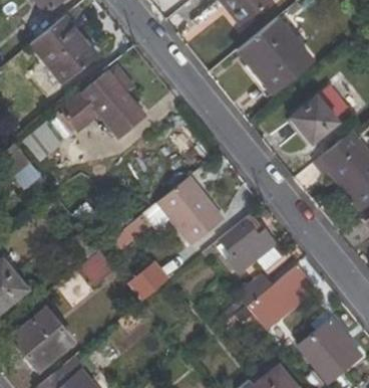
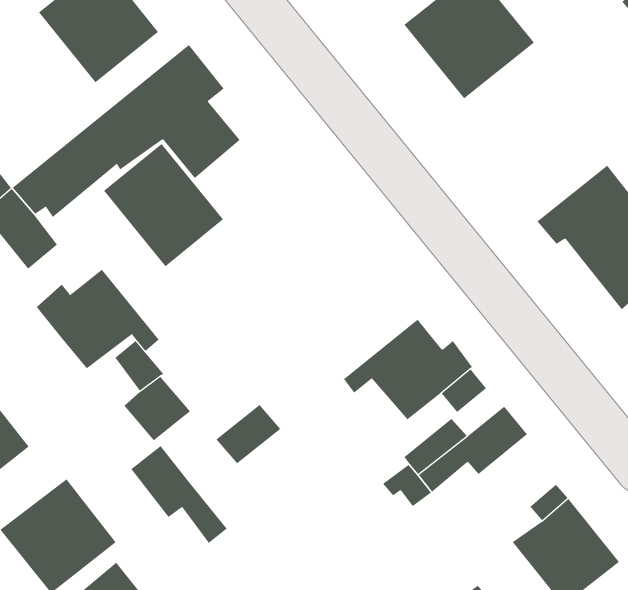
building: [291,84,351,142] -> none
building: [156,175,225,245] -> [103,143,224,267]
building: none -> [36,269,160,369]
building: none -> [130,445,228,544]

